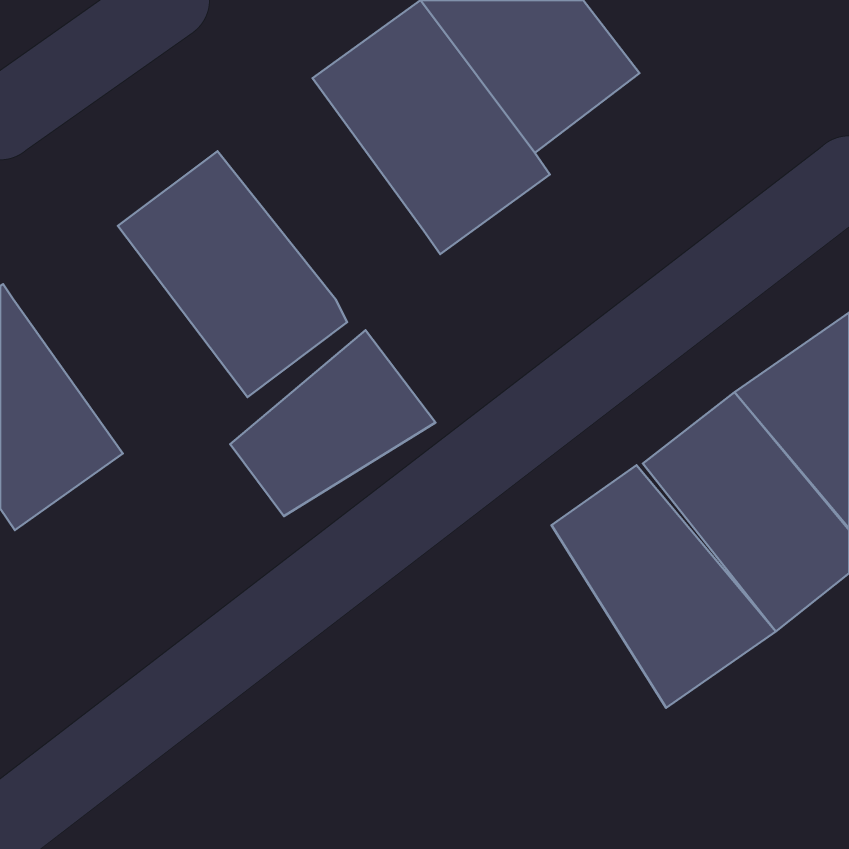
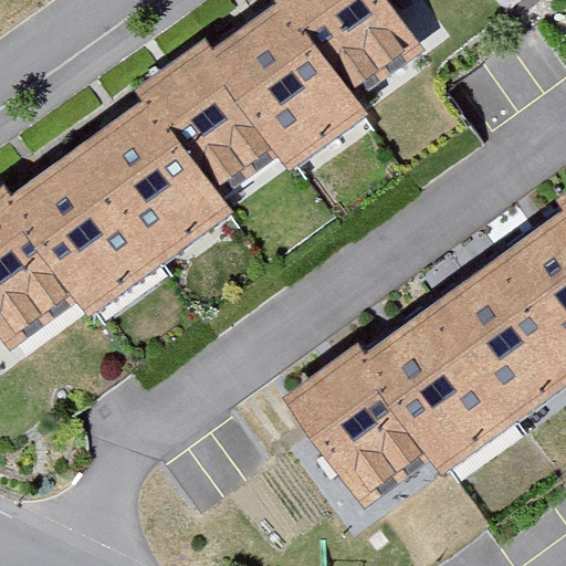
building: none -> [136,42,282,199]
building: none -> [9,150,165,316]
building: [230,330,436,516] -> none
building: none -> [283,340,433,506]

